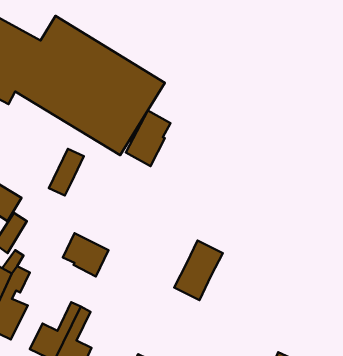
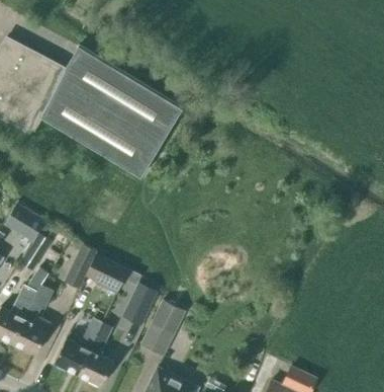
building: [126,111,171,166] -> none
building: [49,149,84,196] -> [64,243,97,288]
building: [174,241,223,300] -> [139,299,186,356]
building: none -> [128,283,157,324]

